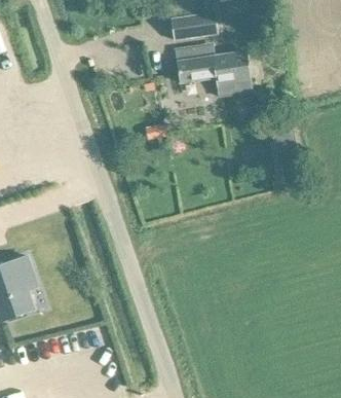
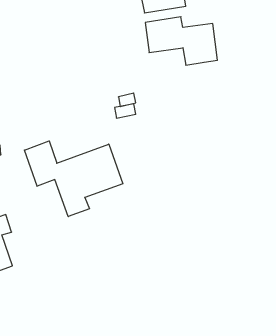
building: none -> [24,141,123,217]

